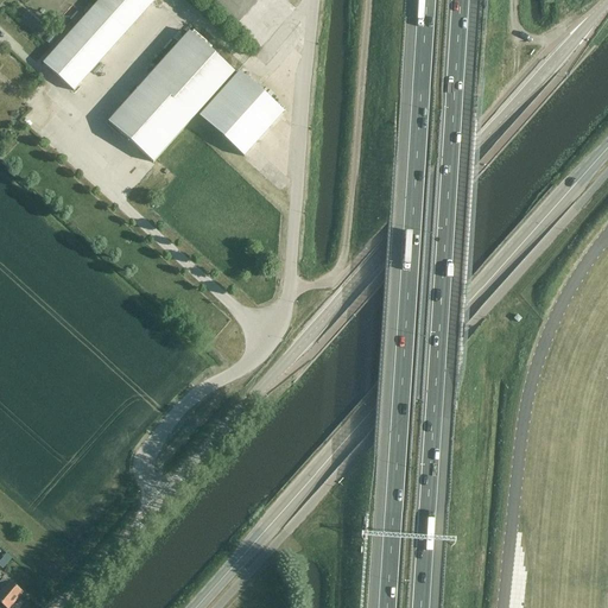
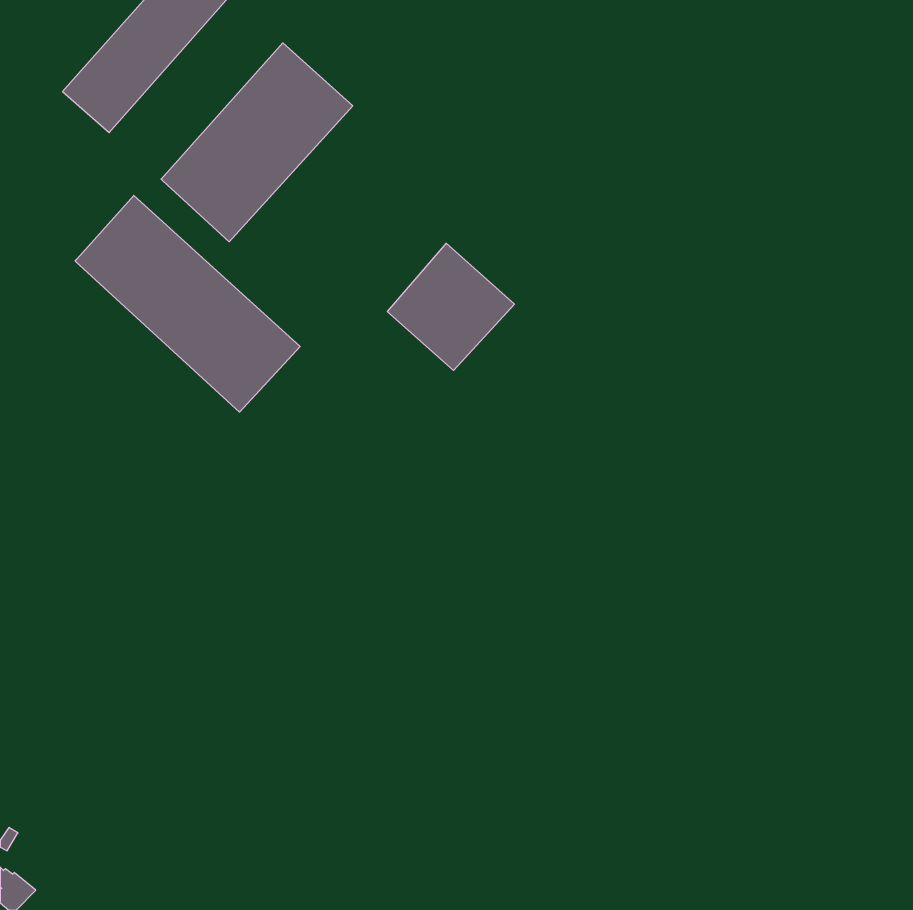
building: [201,69,285,153] -> [387,243,514,370]
building: none -> [75,195,300,412]

